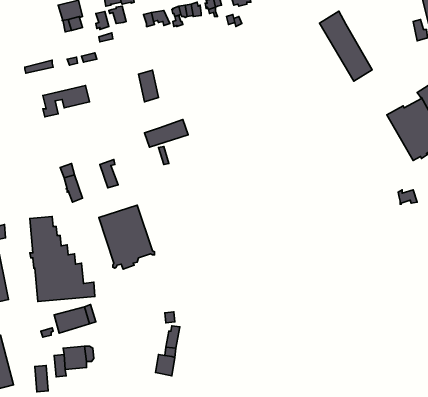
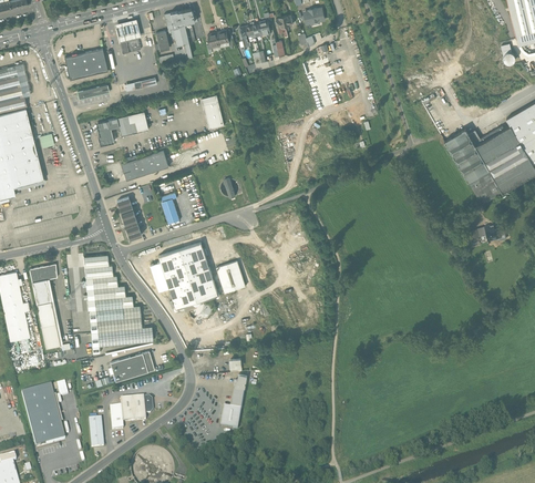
building: [319,11,372,81] -> [444,130,502,206]
building: none -> [64,48,107,79]
building: [144,120,188,147] -> [121,151,168,181]
building: none -> [216,261,246,292]

